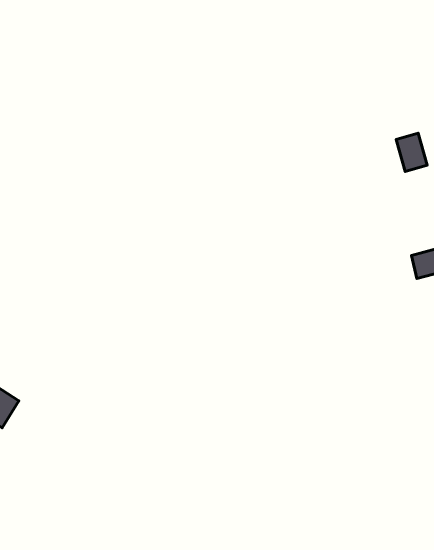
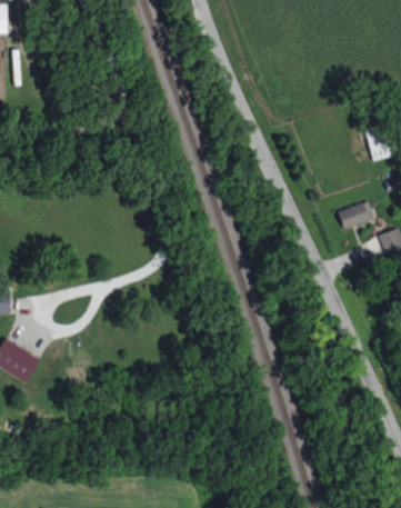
building: none -> [338,201,374,229]

